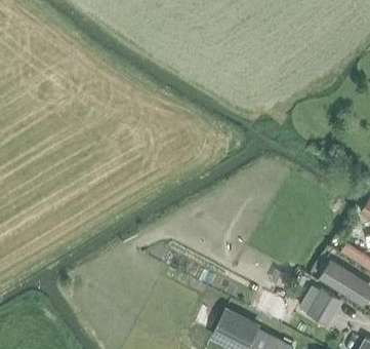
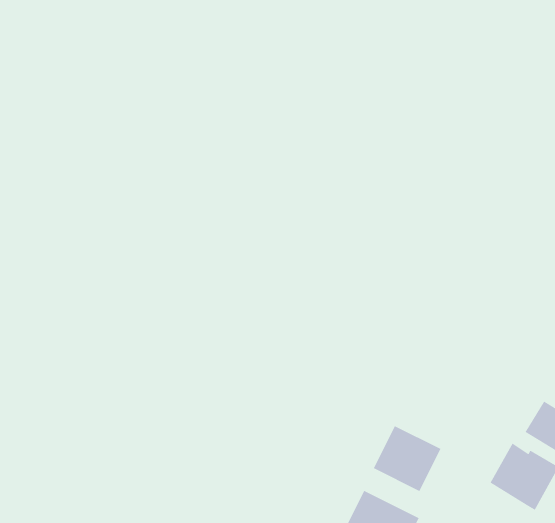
building: none -> [373,425,442,492]

